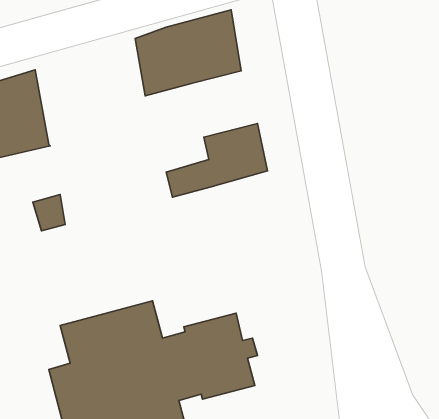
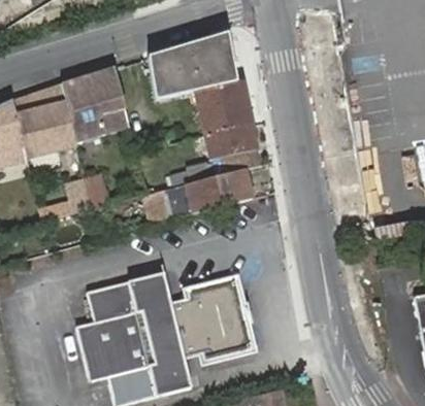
building: none -> [66,68,130,142]
building: none -> [195,81,250,136]
building: none -> [141,168,250,225]

